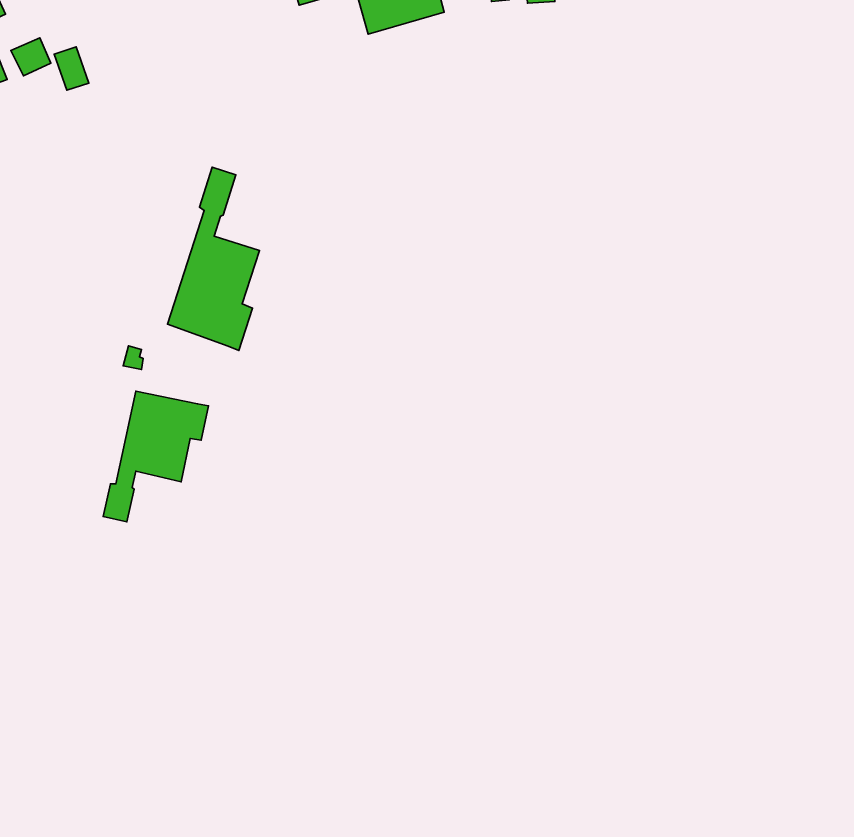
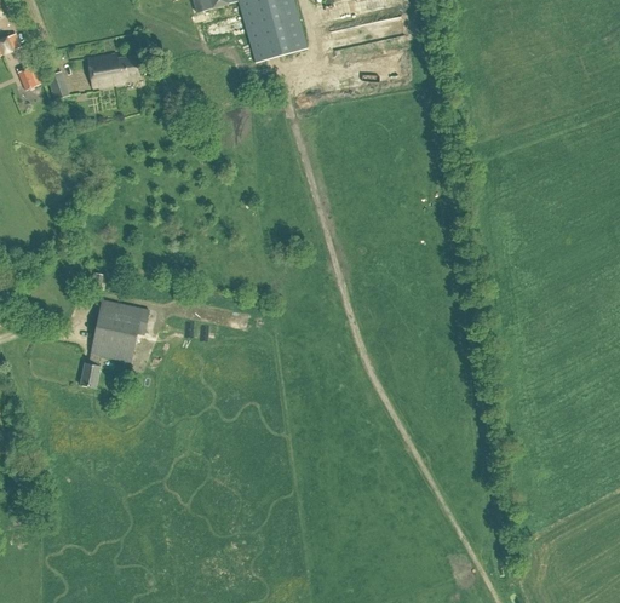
building: none -> [87,53,144,88]
building: [167,167,260,350] -> none

